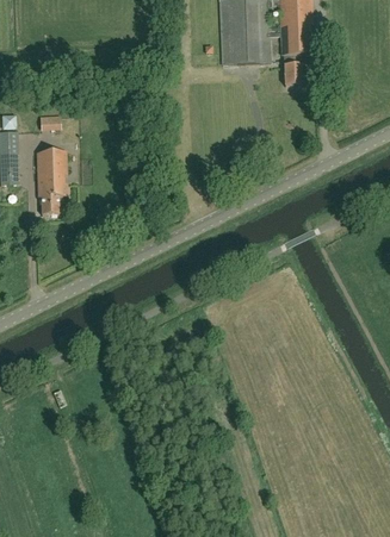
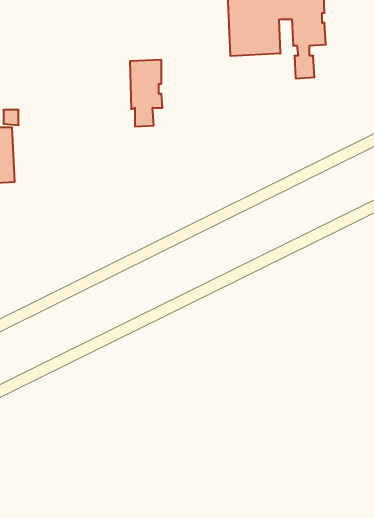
building: [37,150,68,213] -> [130,60,163,127]

